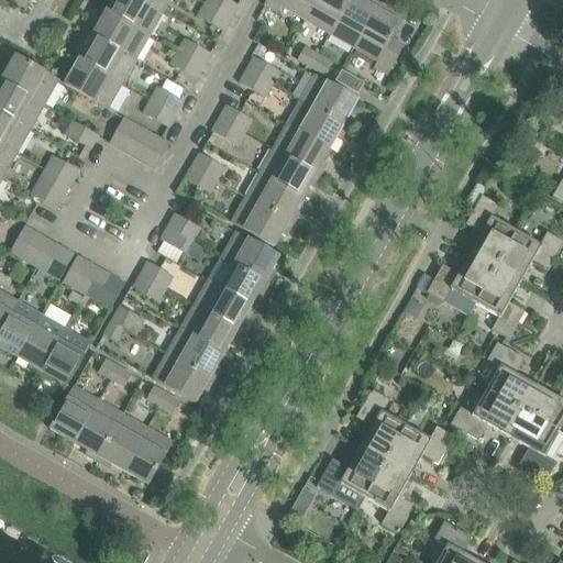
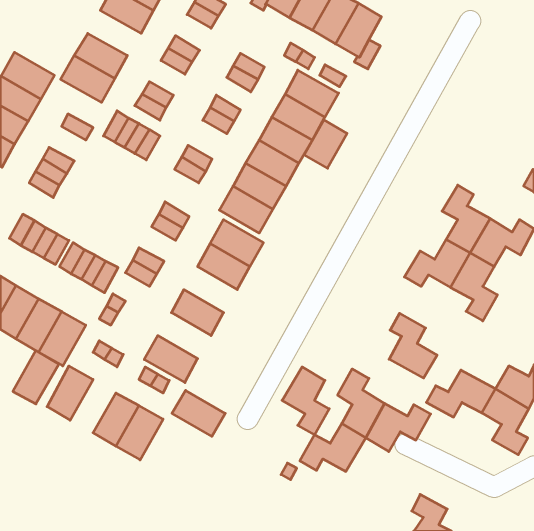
building: [92,11,148,58] -> none
building: none -> [304,120,347,168]
building: [194,280,250,329] -> none
building: [166,329,222,377] -> [172,390,225,436]
building: [485,341,536,409] -> [389,313,437,378]
building: [74,399,122,455] -> [13,351,59,404]
building: [364,461,413,532] -> [282,367,329,435]

